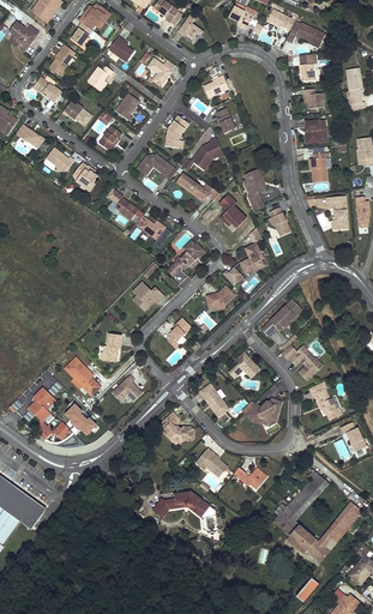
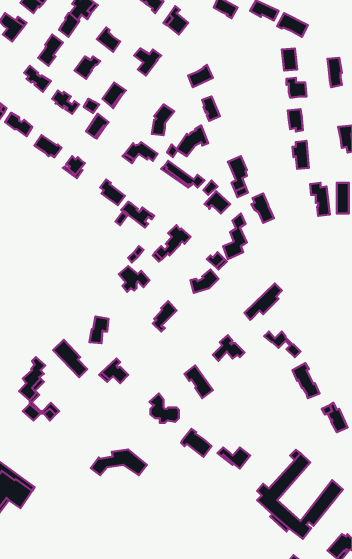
building: [243,397,281,423] -> none
building: [61,401,96,434] -> none
building: [152,490,210,517] -> [91,449,147,475]

